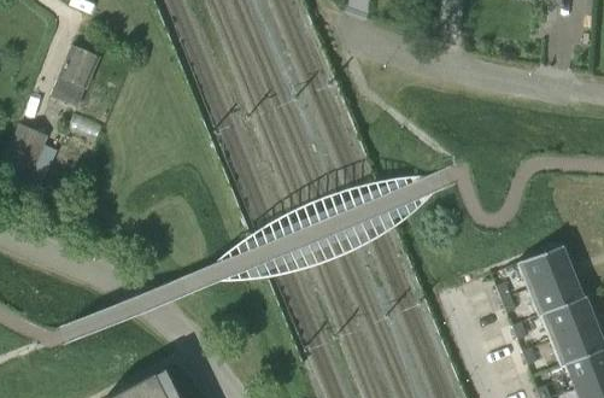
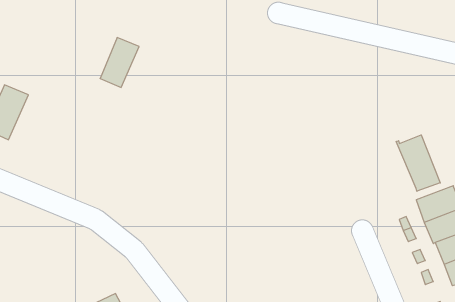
building: [54,46,101,106] -> [100,38,139,87]
building: none -> [396,135,440,191]

